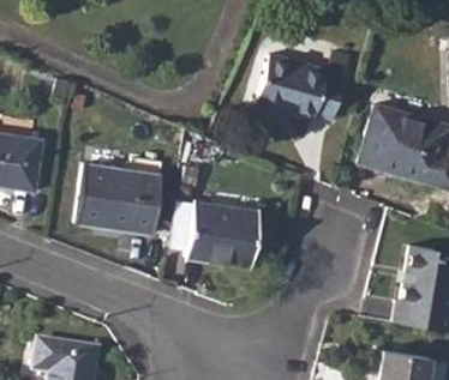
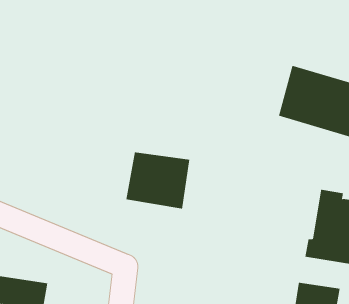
building: [258,54,345,120] -> none
building: [78,158,163,234] -> none

